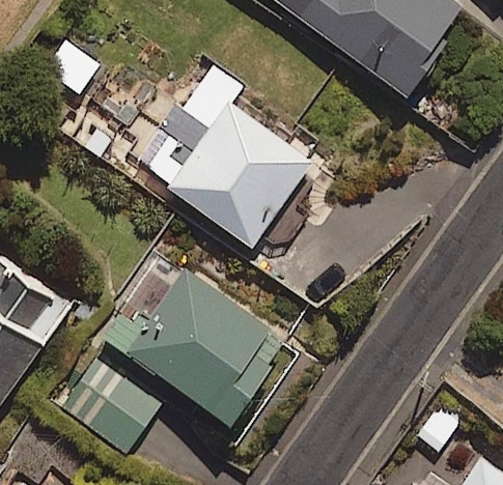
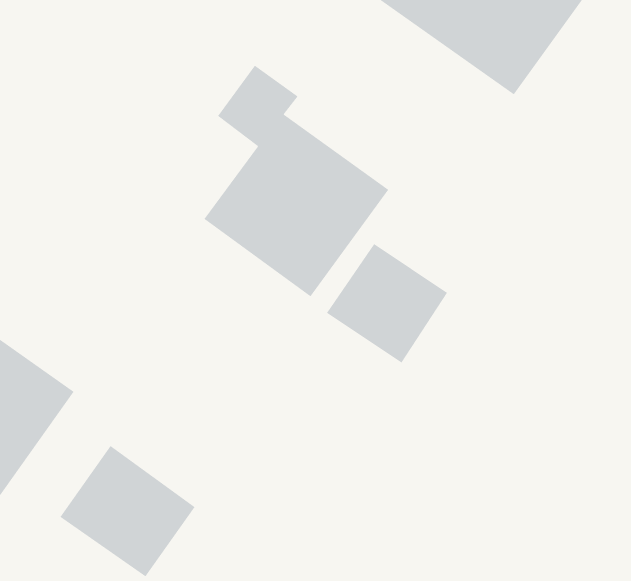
building: none -> [326,243,448,364]
building: [105,268,283,419] -> none

